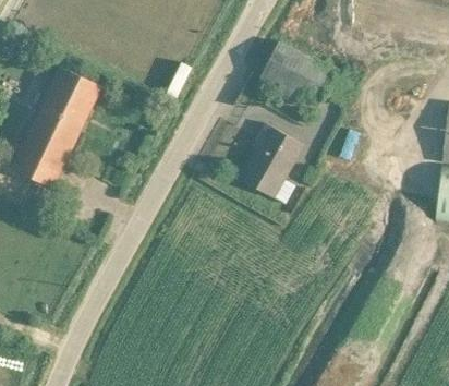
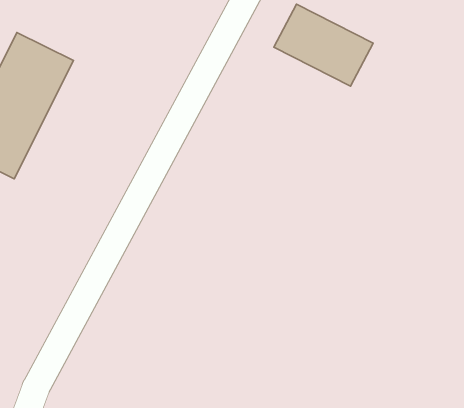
building: [240,122,306,197] -> none

